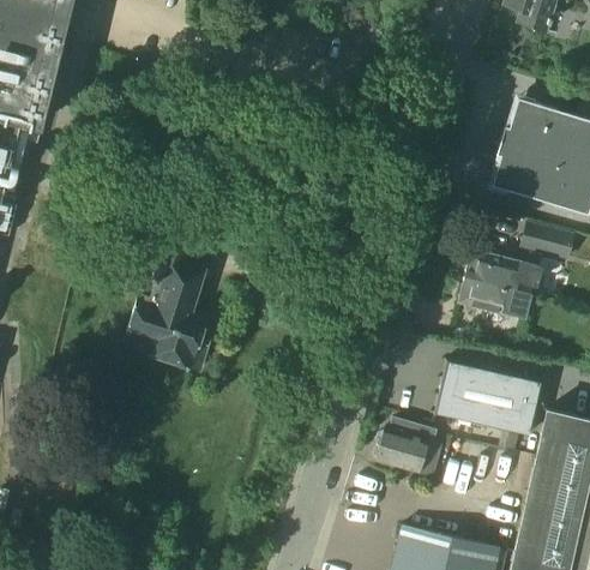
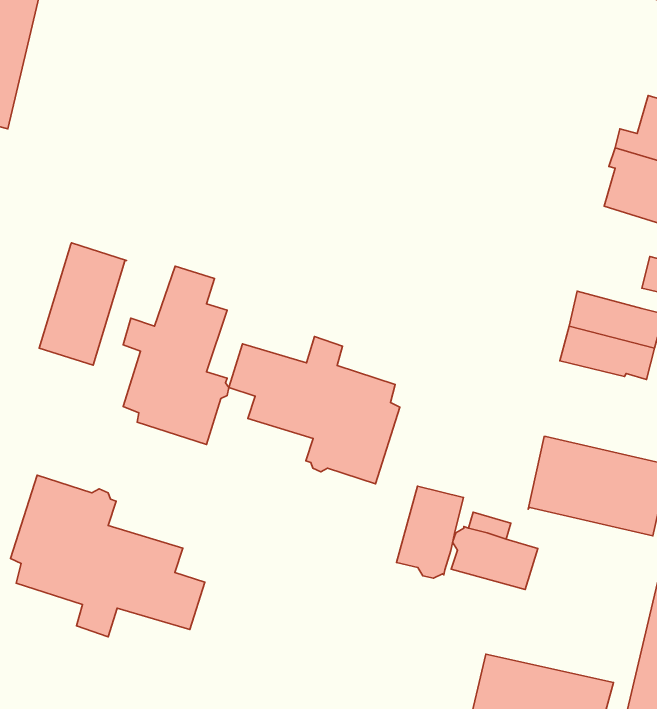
building: none -> [39,243,127,365]
building: none -> [229,336,400,484]
building: none -> [11,475,205,637]
building: none -> [397,486,463,578]

